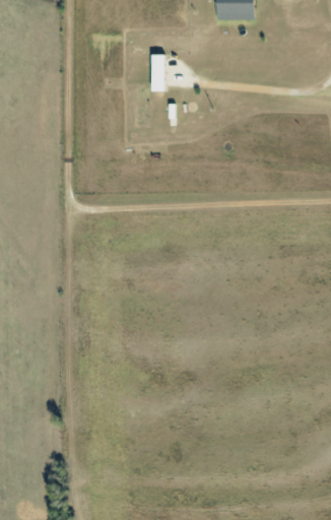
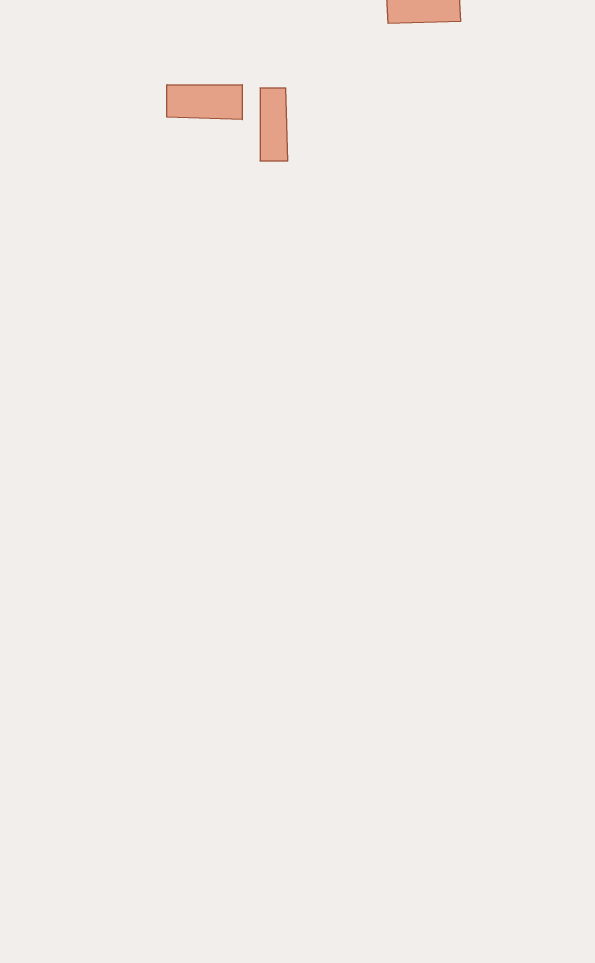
building: none -> [167,85,242,120]

